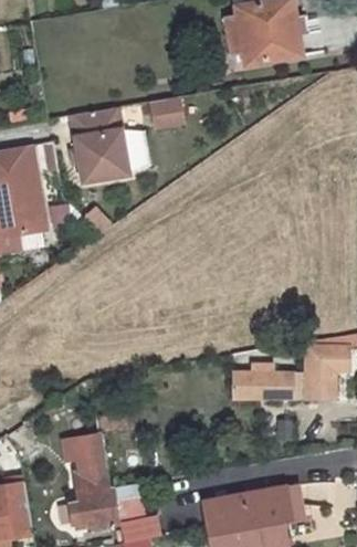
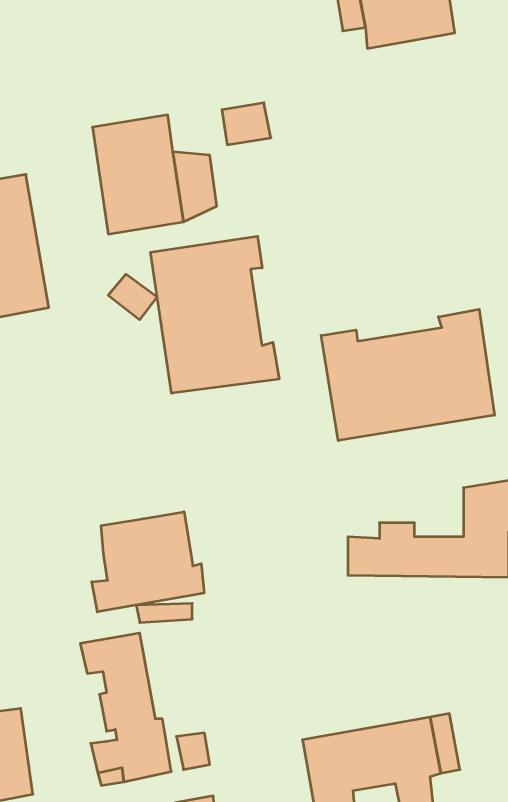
building: none -> [151,236,279,393]
building: none -> [321,309,494,441]
building: none -> [92,512,204,612]

